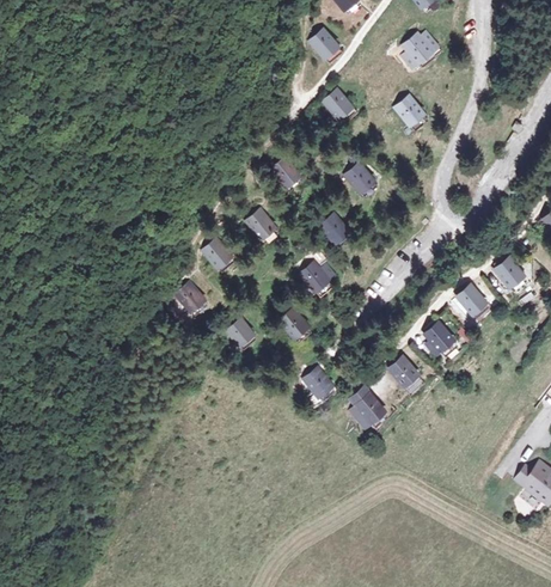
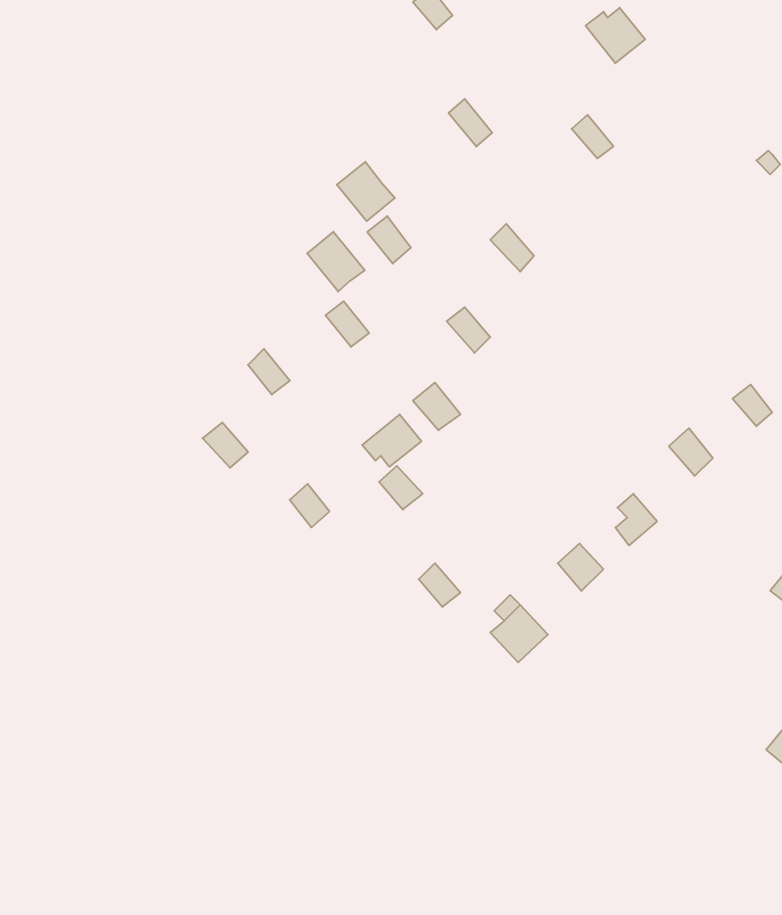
building: none -> [337,162,395,221]
building: none -> [307,232,365,292]
building: none -> [362,414,421,467]

